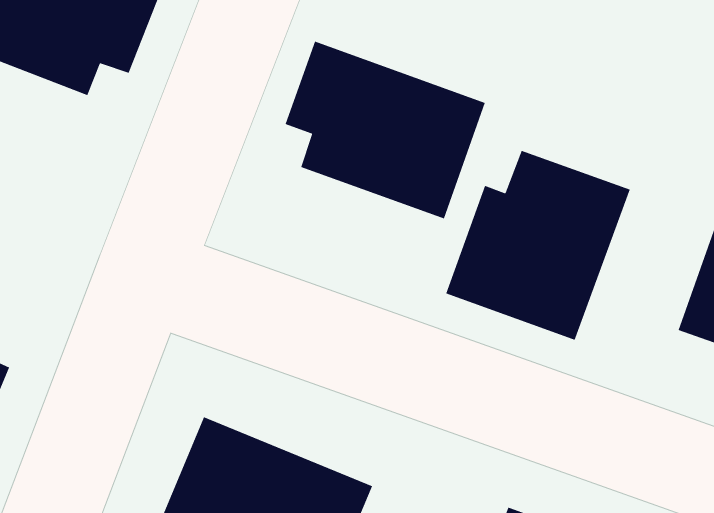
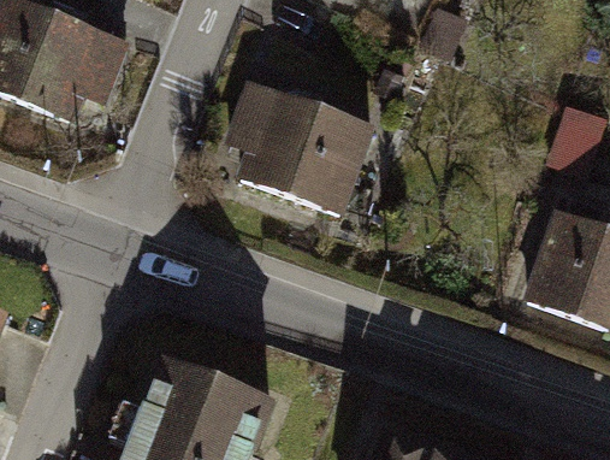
building: [445,150,631,341] -> none

